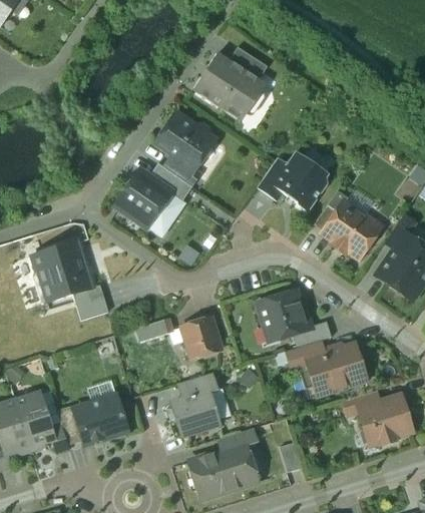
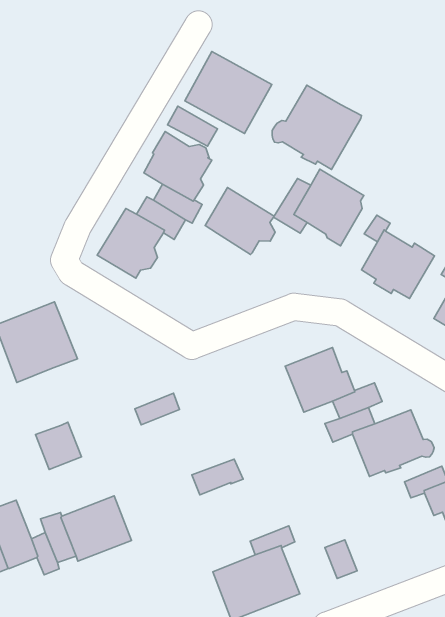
building: [229,45,268,78] -> [168,106,218,146]
building: none -> [272,85,362,170]
building: none -> [205,187,275,255]
building: [74,284,109,320] -> [35,422,82,469]
building: [182,317,220,357] -> none
building: [171,391,219,434] -> none

